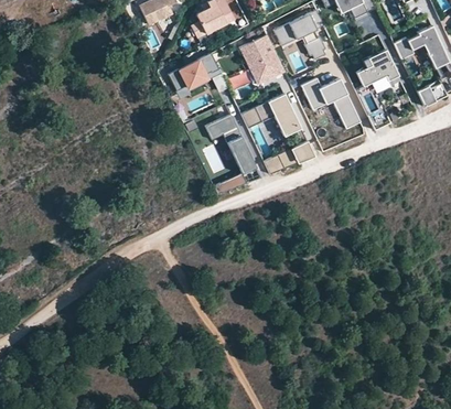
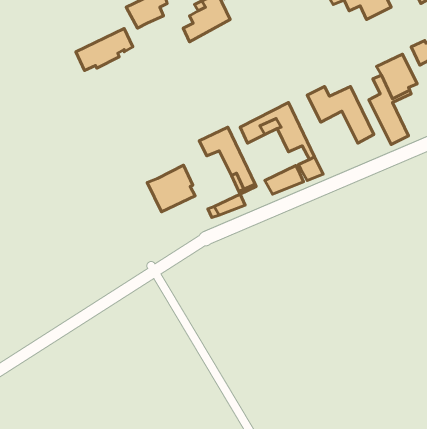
building: [273,10,325,60] -> none
building: [240,34,284,85] -> none
building: [169,53,219,90] -> [76,28,133,71]
building: none -> [147,165,195,212]

